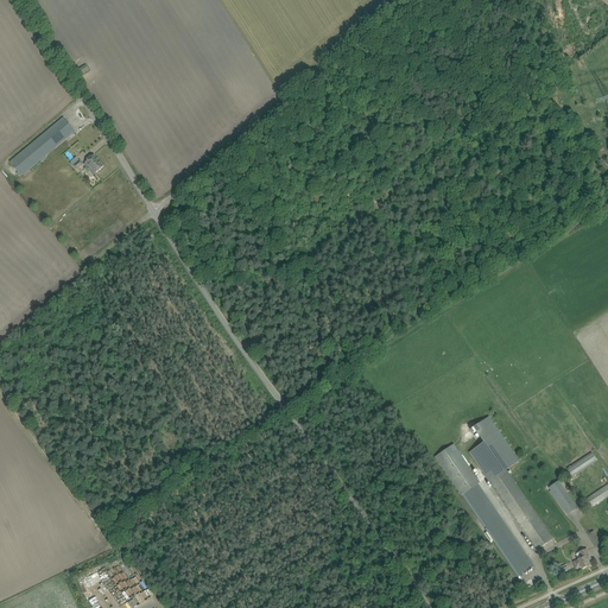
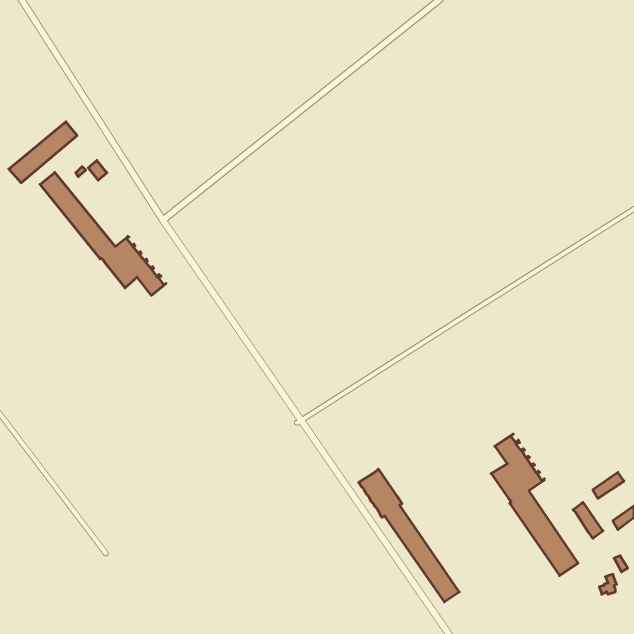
building: none -> [40,172,166,295]
building: [437,448,533,575] -> [359,469,459,602]

